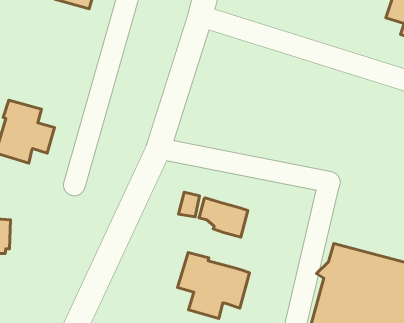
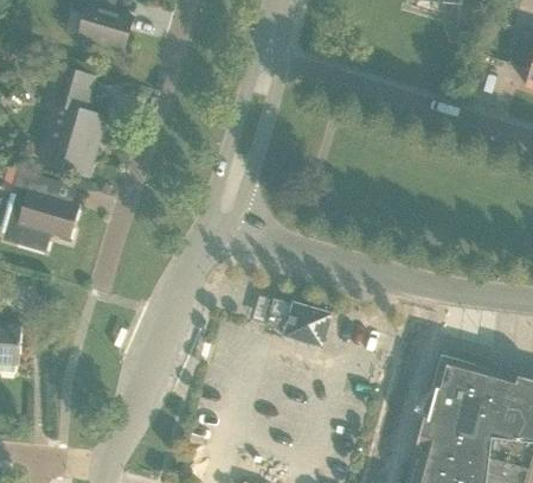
building: none -> [43,68,105,177]
building: [178,252,249,319] -> none

